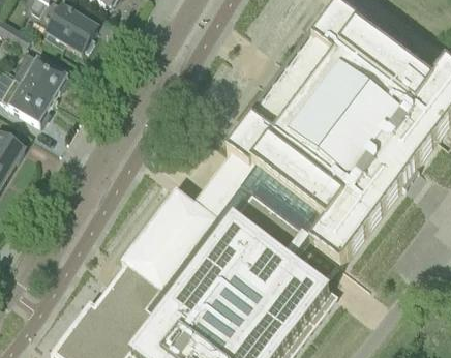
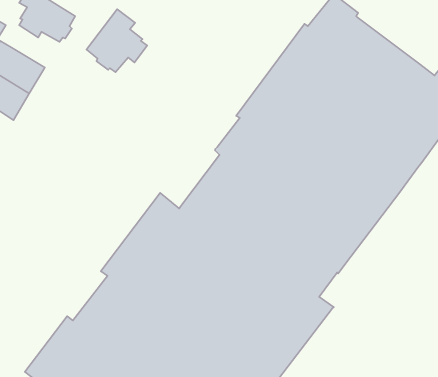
building: none -> [87,9,147,72]

